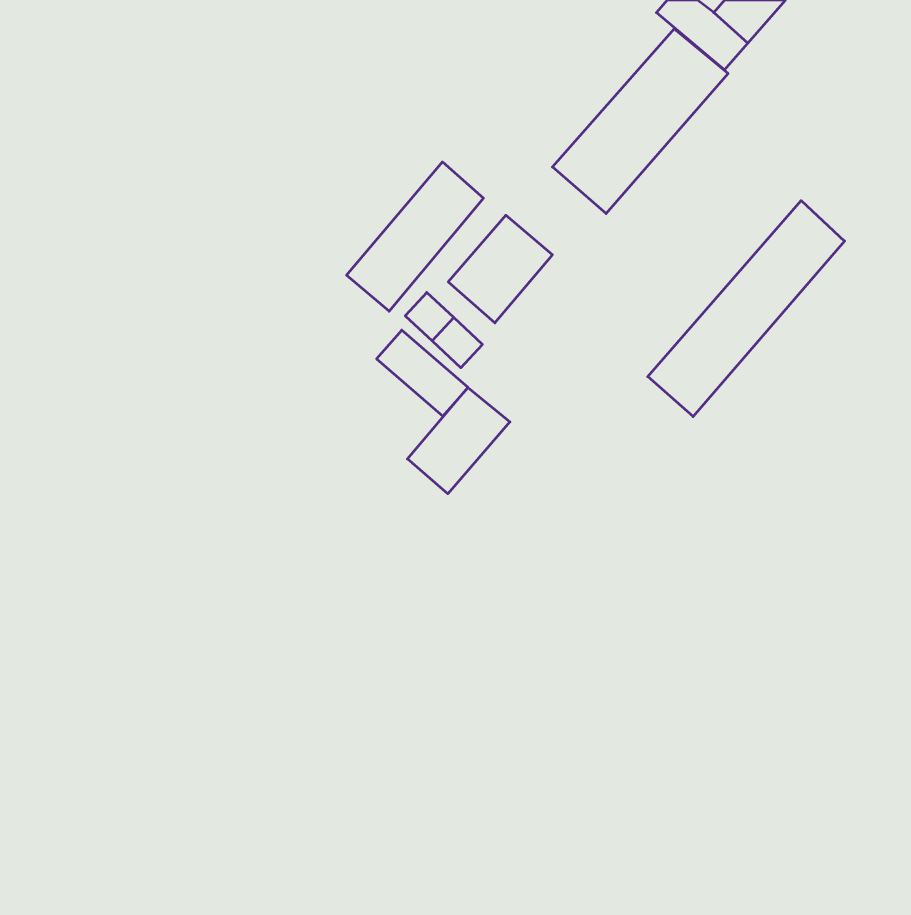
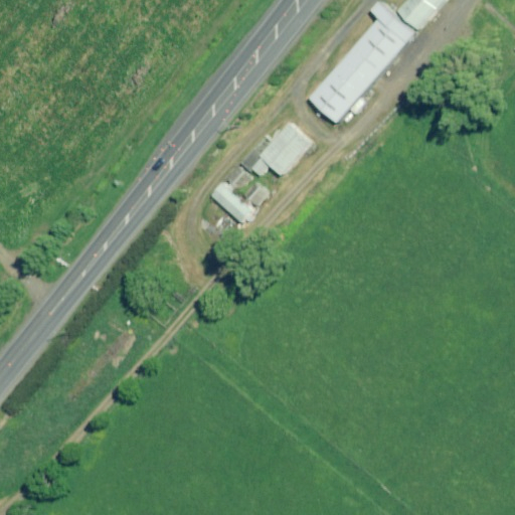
building: [347,162,483,311] -> none
building: [648,201,845,417] -> none
building: [407,388,510,494] -> none

